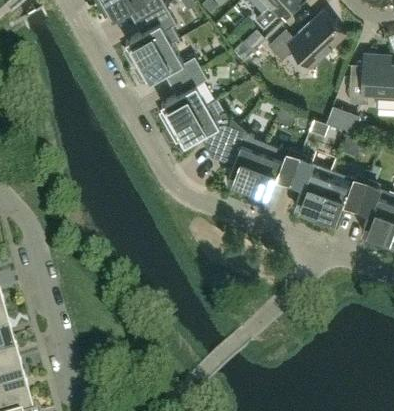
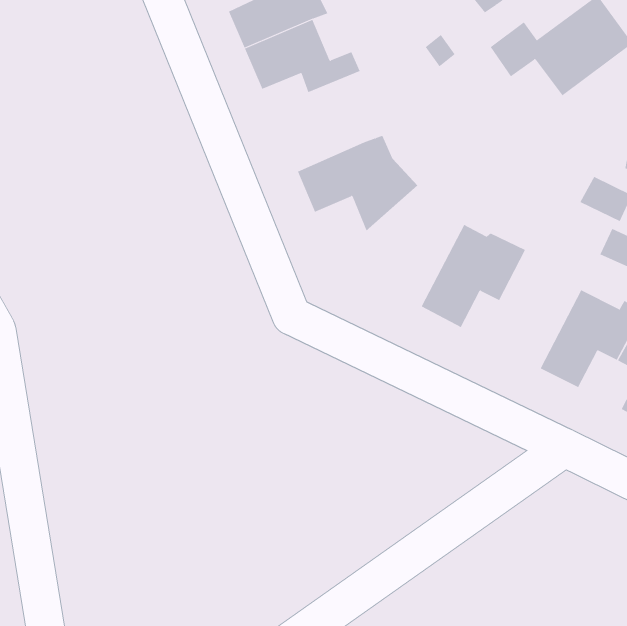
building: [161,67,208,125] -> none
building: [214,125,266,190] -> none
building: [290,153,333,216] -> none

